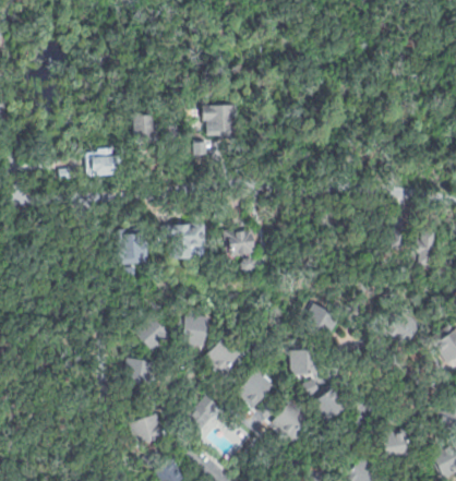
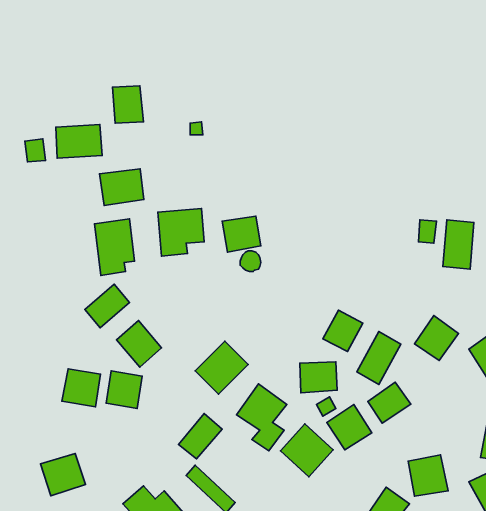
building: [203,104,240,142] -> none
building: none -> [99,169,144,205]
building: none -> [85,284,130,328]
building: [178,314,209,346] -> none
building: none -> [357,332,401,385]
building: none -> [62,369,100,407]
building: none -> [368,382,411,423]
building: [128,411,166,447] -> [40,453,86,496]

